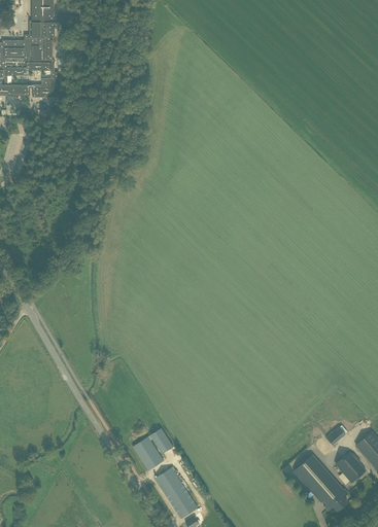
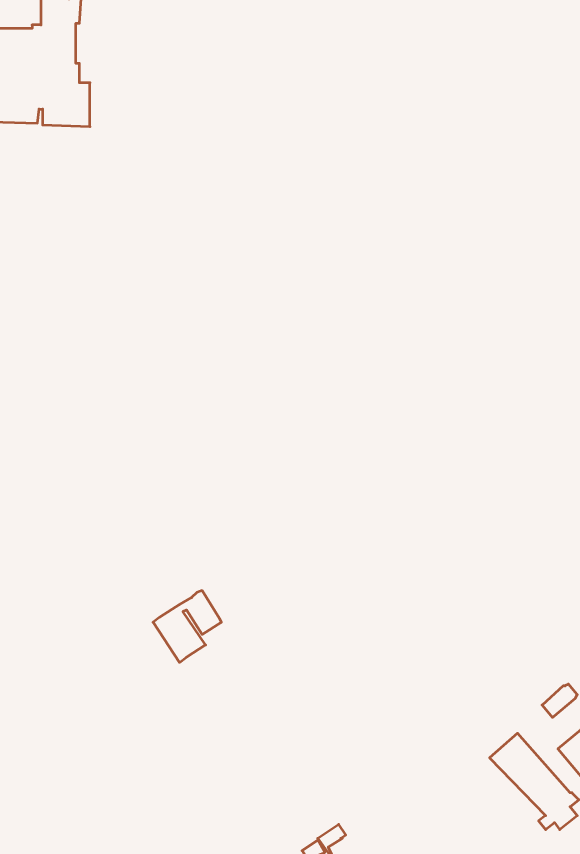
building: [132,427,172,469] -> [153,591,221,662]
building: [154,465,197,517] -> none

